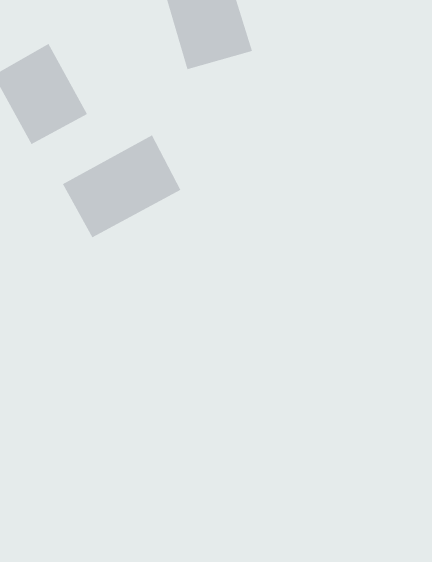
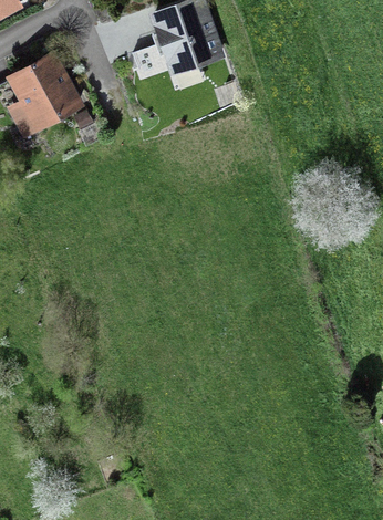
building: [62,134,181,238] -> none

